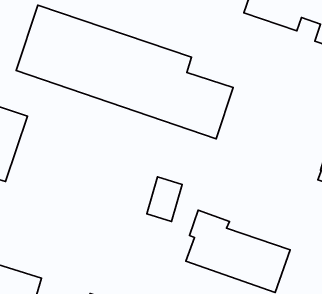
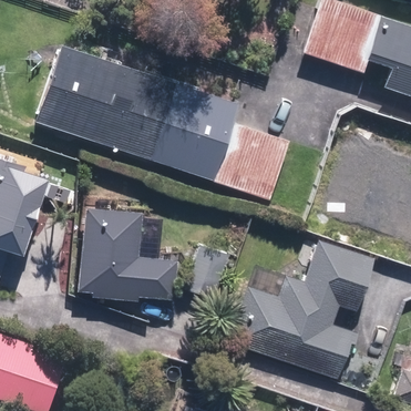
building: none -> [80,205,179,302]
building: none -> [319,245,374,304]

